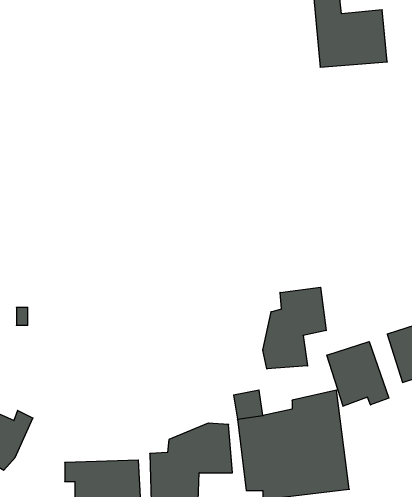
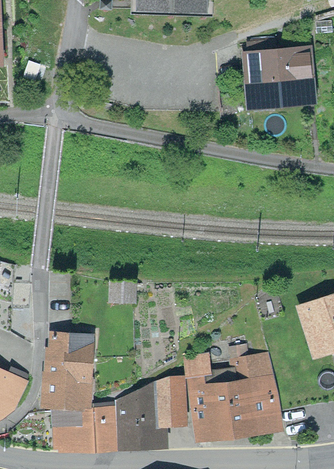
building: [263,287,326,369] -> none
building: [327,342,389,406] -> none
building: none -> [42,334,90,403]

